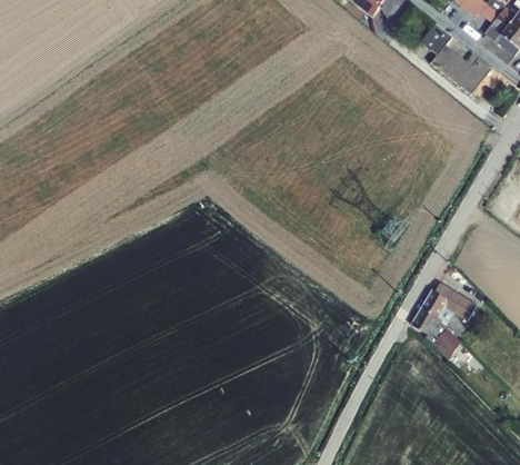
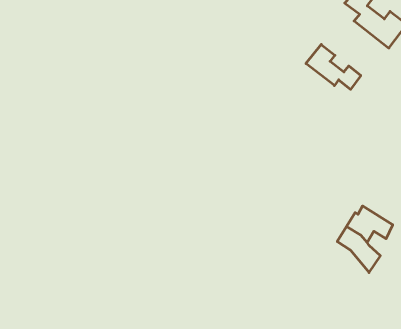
building: none -> [306,44,361,89]

